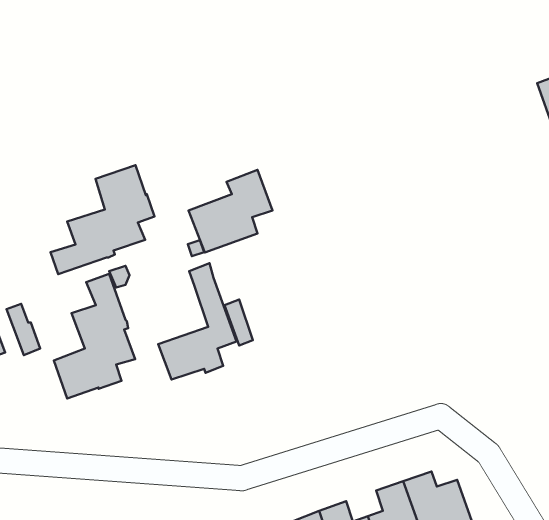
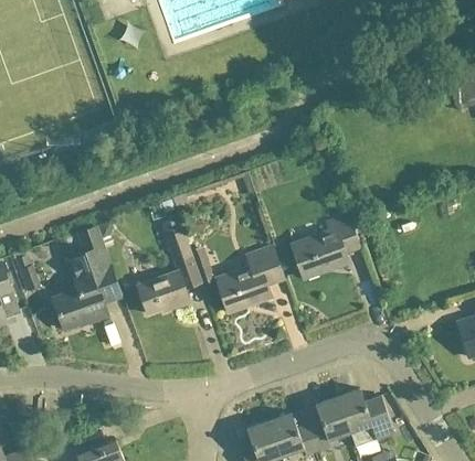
building: [50,165,155,274] -> none
building: [189,170,272,252] -> [215,246,284,313]
building: none -> [293,215,359,278]

